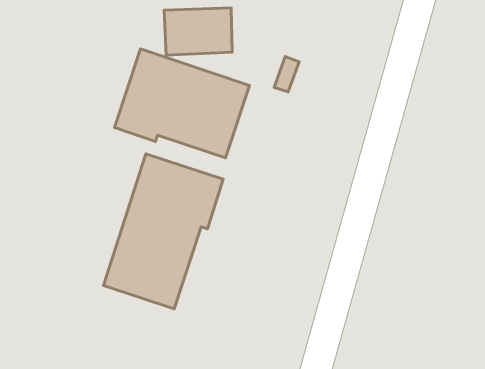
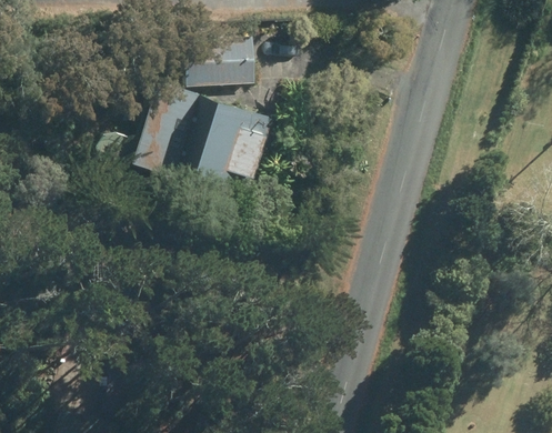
building: [103,154,223,309] -> none

